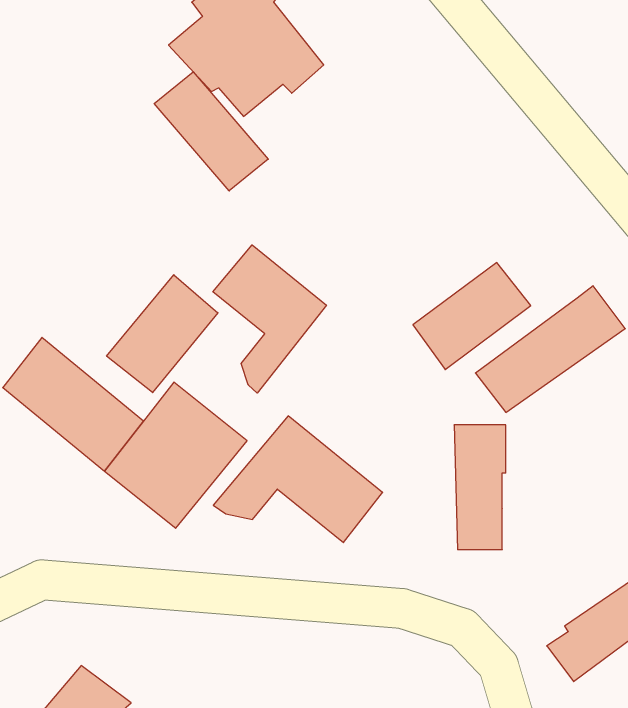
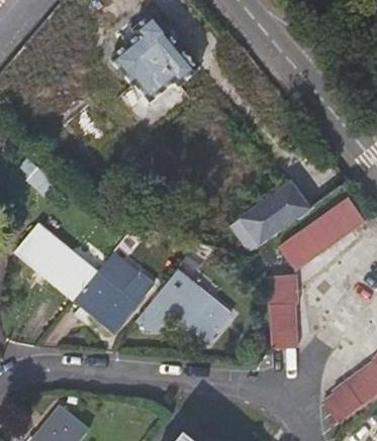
building: [154,72,268,191] -> none
building: [213,245,326,393] -> none
building: [107,275,218,393] -> none

